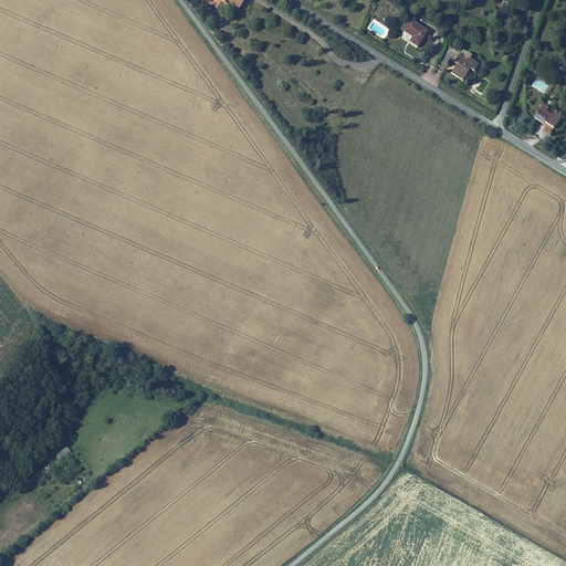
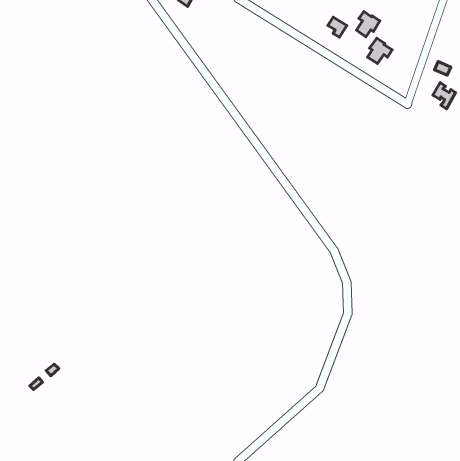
building: none -> [357,12,380,37]

